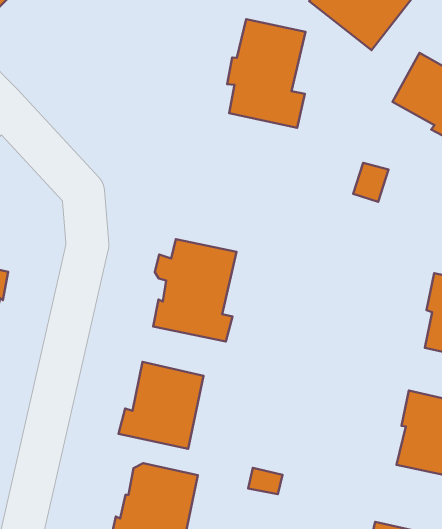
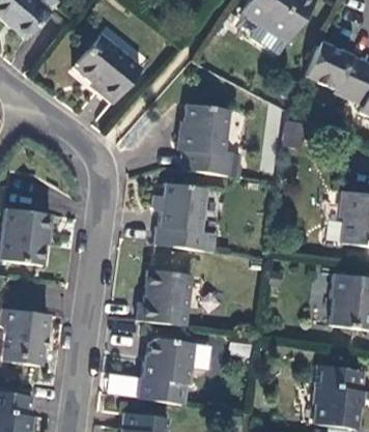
building: none -> [75,34,142,103]
building: [227,19,305,128] -> [178,104,232,175]

